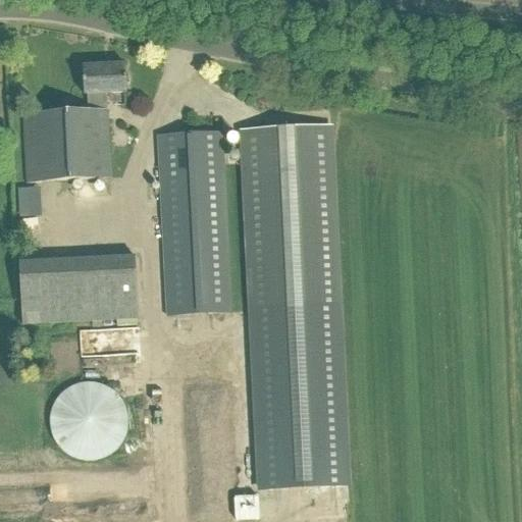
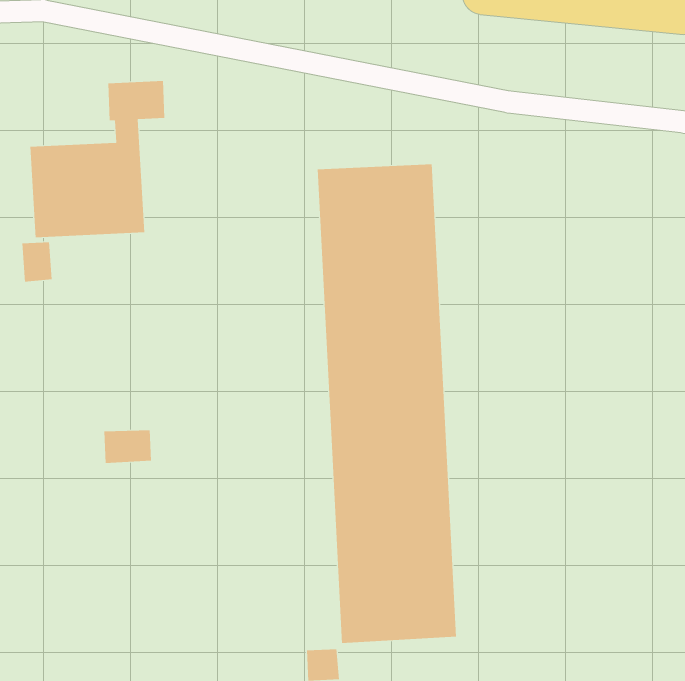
building: [157,129,230,315] -> none
building: [18,254,138,322] -> none
building: [49,379,129,459] -> none

